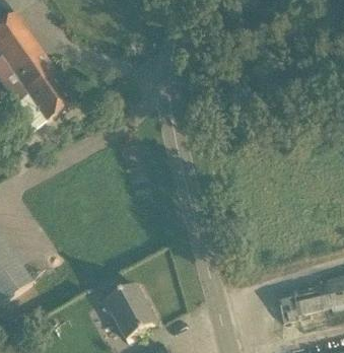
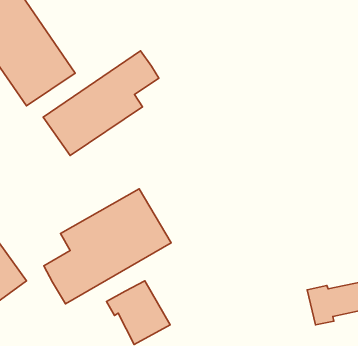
building: none -> [43,51,159,156]
building: none -> [44,189,171,304]

